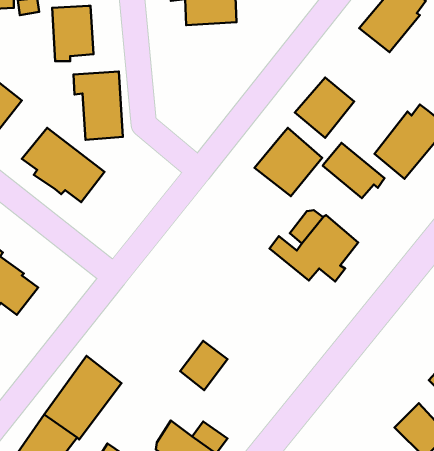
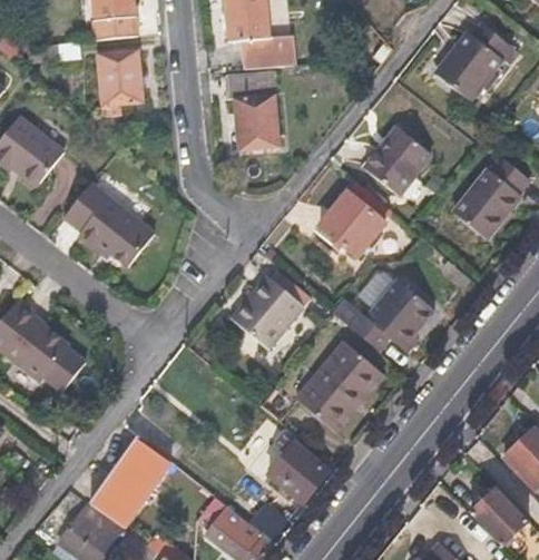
building: [73,71,123,140] -> [223,73,277,149]
building: [323,143,385,198] -> none
building: none -> [234,265,312,346]
building: none -> [296,342,383,432]
building: none -> [267,442,329,502]

